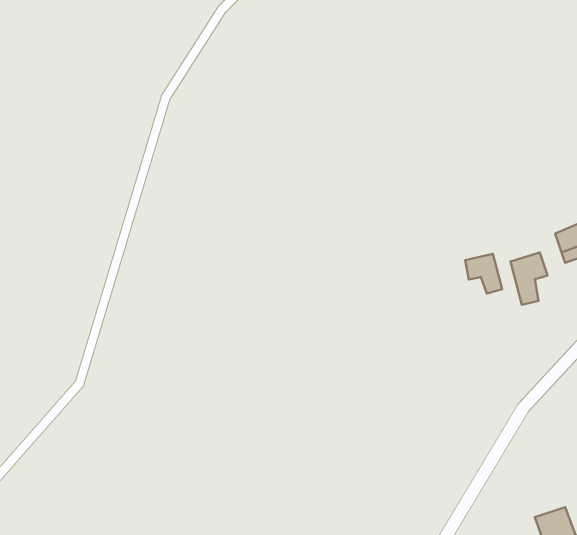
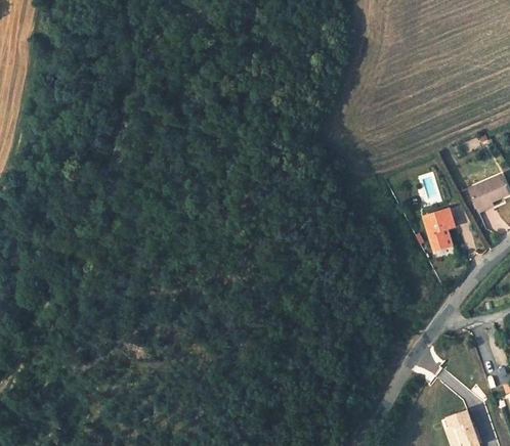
building: [465,254,502,294] -> none

